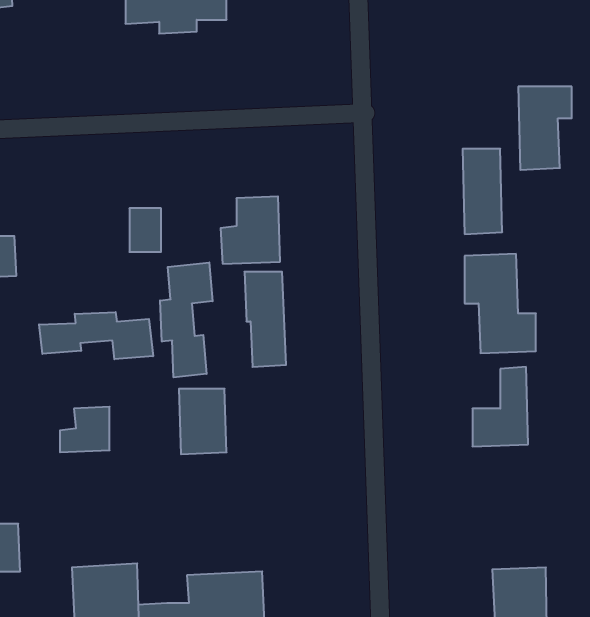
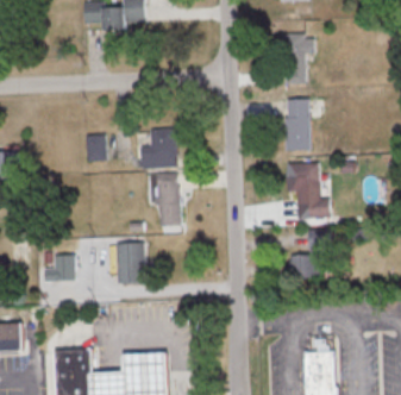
building: [518,87,572,170] -> [283,35,315,84]
building: [160,262,213,377] -> none
building: [39,312,153,359] -> none

